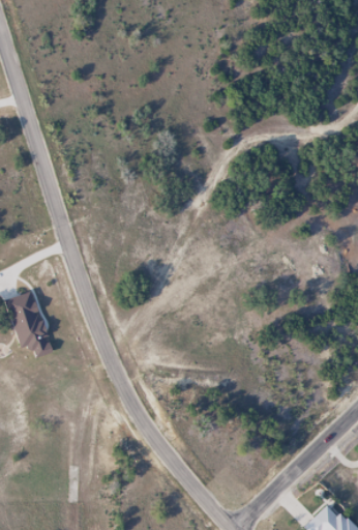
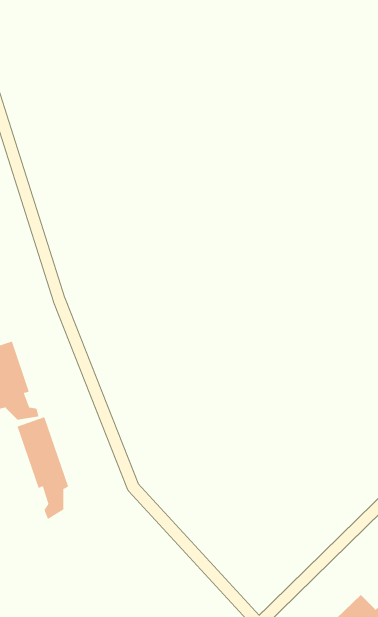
building: none -> [16,416,69,520]

